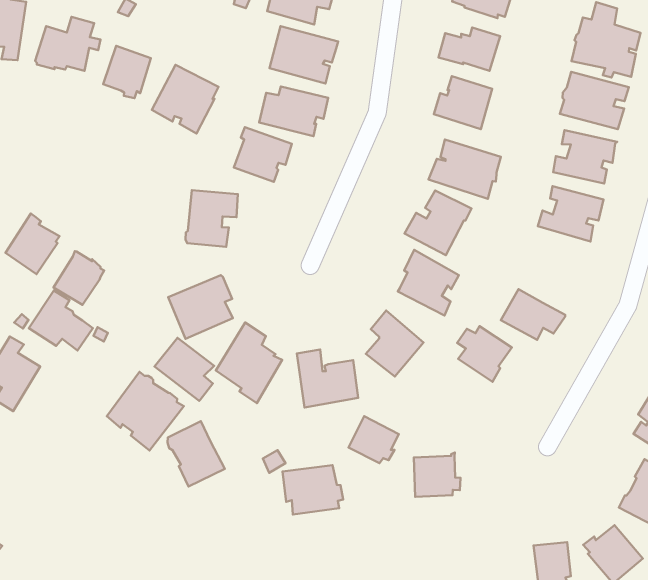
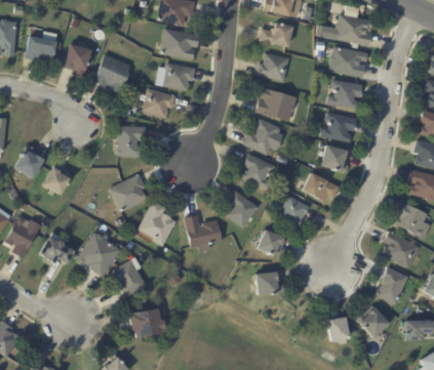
building: none -> [320,145,348,171]
building: [29,291,93,350] -> [38,232,75,265]
building: [155,338,214,401] -> none
building: [348,416,399,463] -> [257,230,285,256]
building: [283,465,343,515] -> [129,307,165,337]

